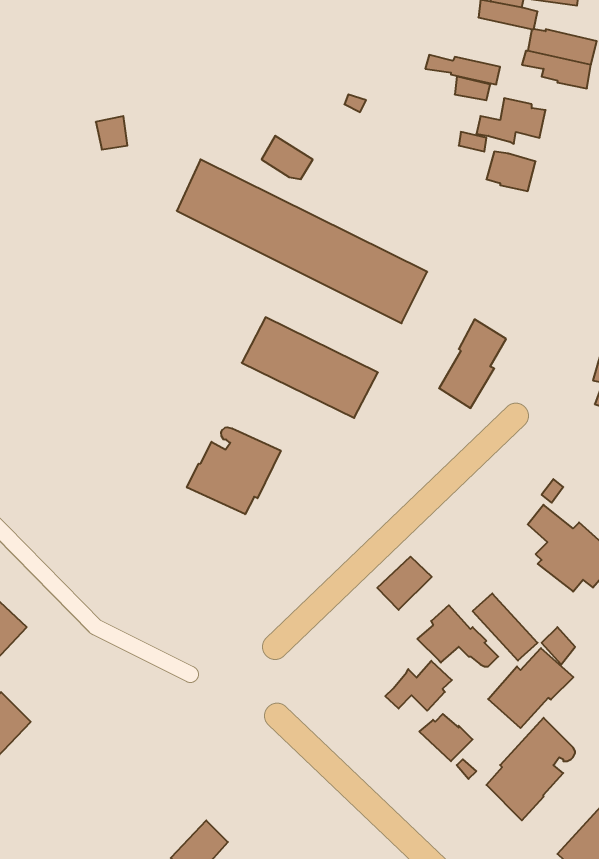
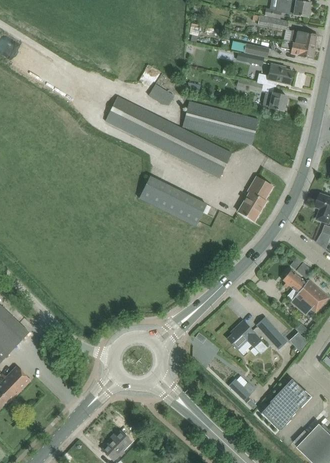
building: none -> [182,101,258,144]
building: [187,427,281,514] -> none
building: [377,557,432,610] -> none
building: [488,648,573,728] -> none
building: [385,661,452,711] -> none

